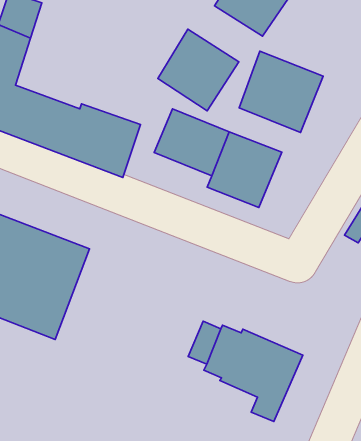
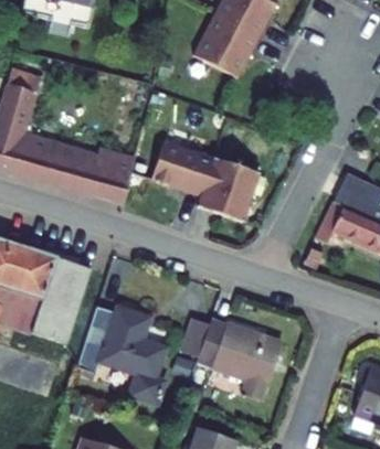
building: [158,29,239,111] -> none
building: [239,51,323,133] -> none
building: none -> [85,308,171,408]

